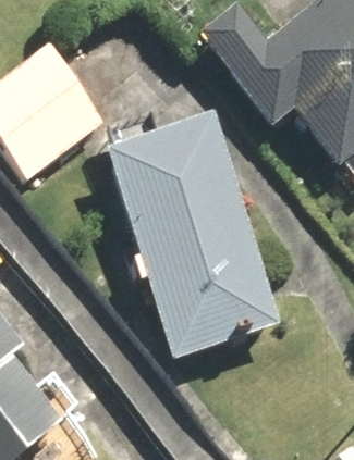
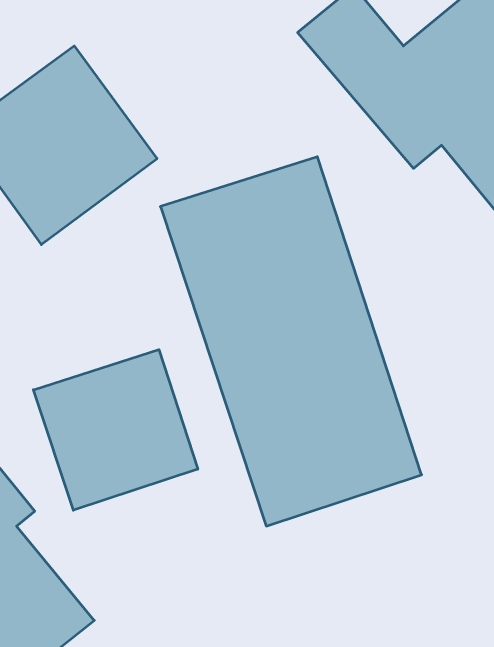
building: none -> [33,350,198,510]

